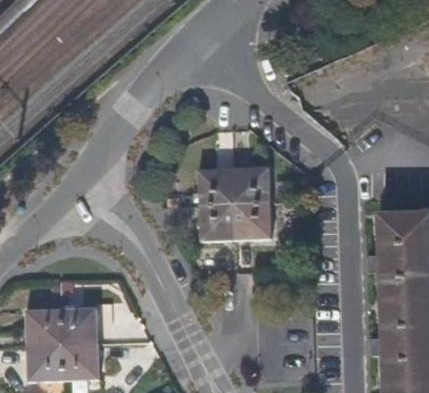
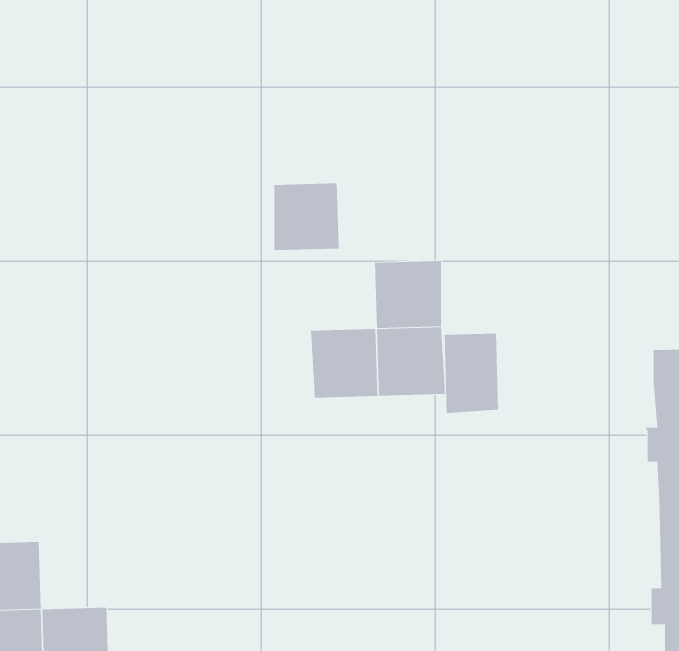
building: [200,168,234,203] -> [274,183,339,251]
building: none -> [444,333,499,414]
building: [60,311,95,347] -> none

